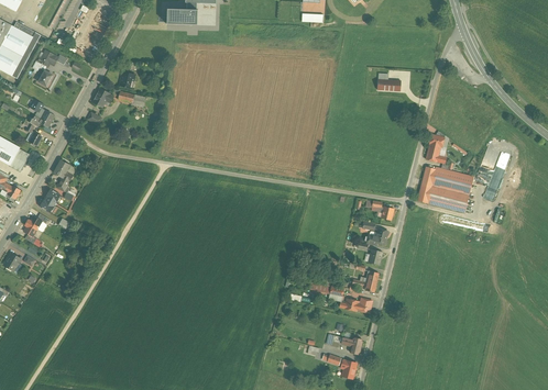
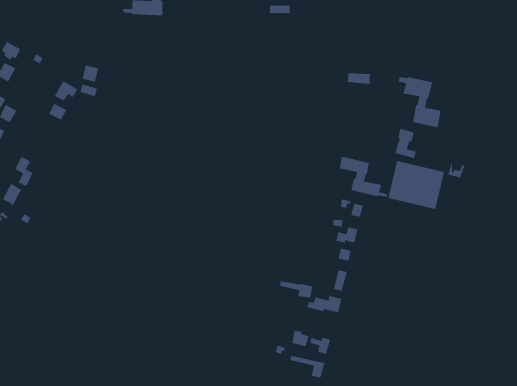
building: none -> [398,76,442,128]
building: none -> [339,156,388,198]

